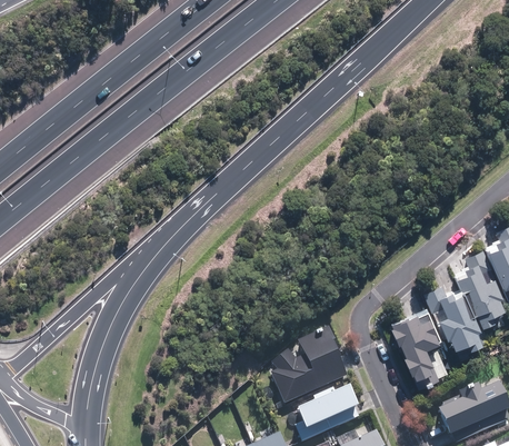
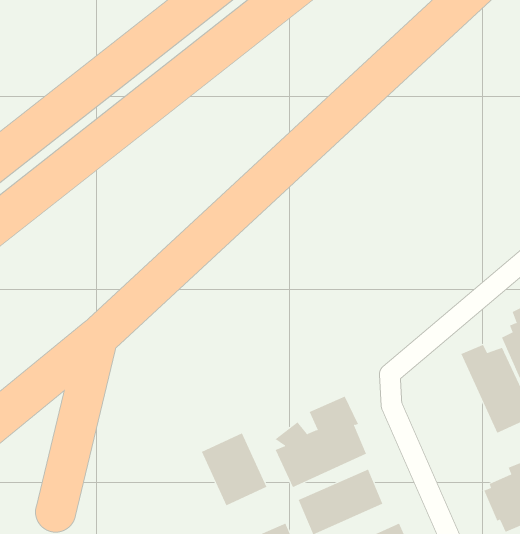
building: [389,308,440,388] -> none
building: none -> [201,432,267,506]

